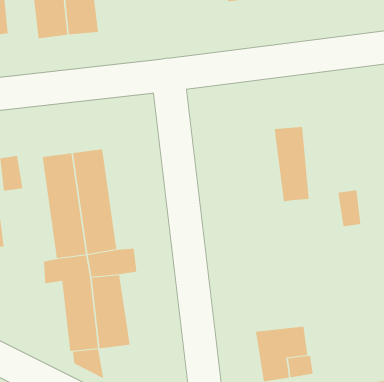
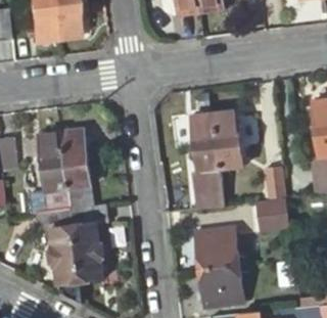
building: none -> [190,113,224,207]
building: none -> [254,198,287,232]
building: none -> [194,228,237,270]

